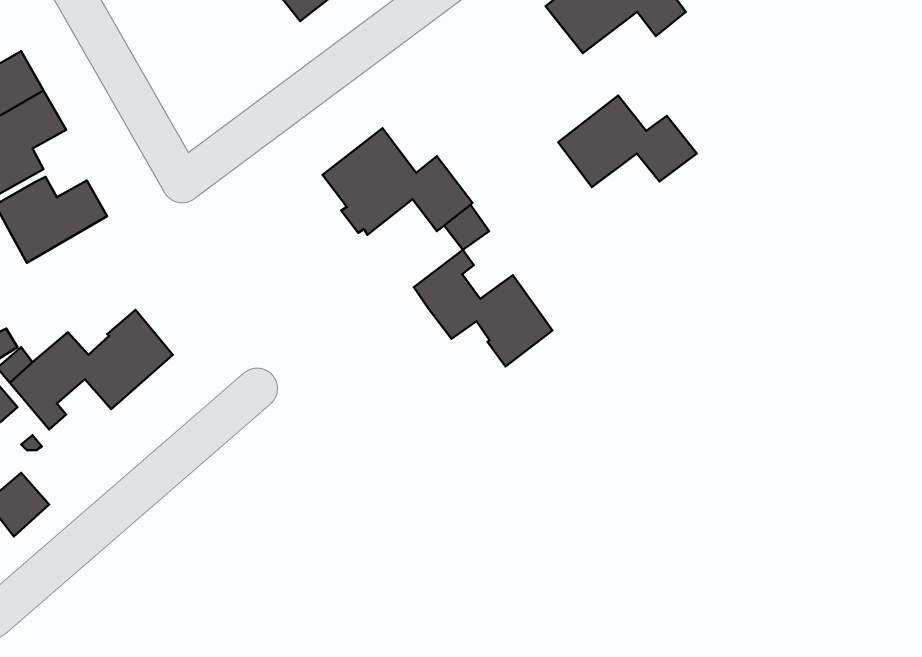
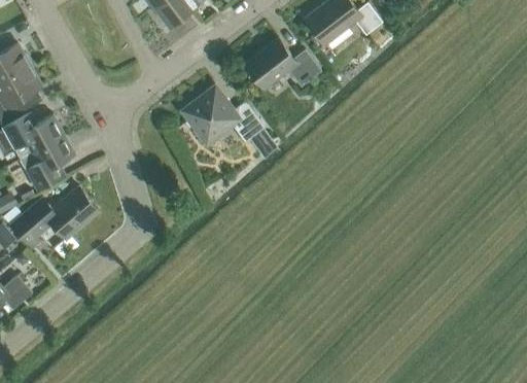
building: [558,95,697,187] -> [245,39,321,90]
building: none -> [20,135,75,192]
building: [414,250,553,367] -> none

